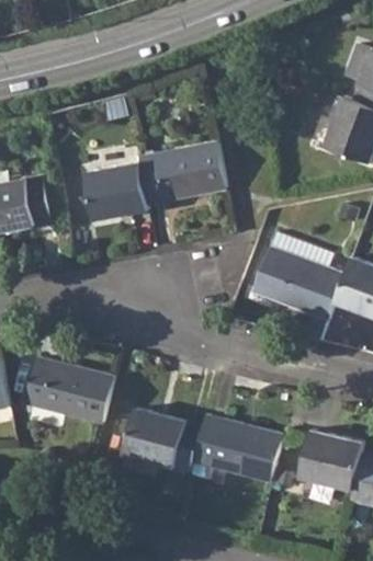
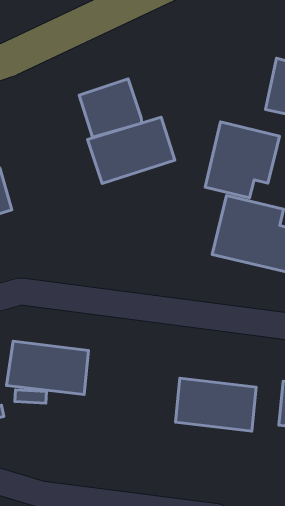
building: none -> [205,122,279,198]
building: [84,163,146,219] -> [79,79,142,137]
building: [122,408,201,471] -> none

